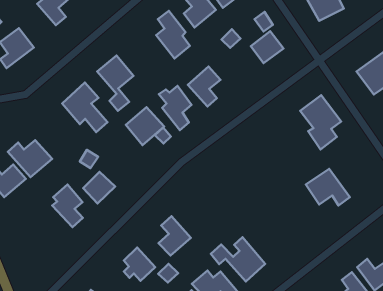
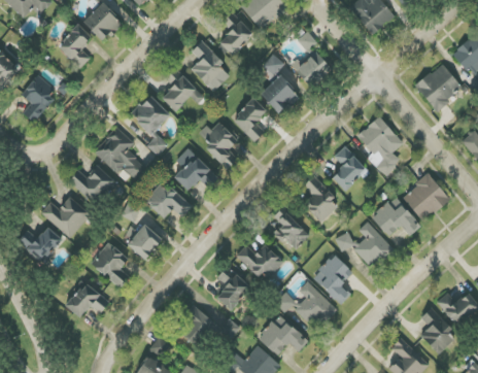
building: none -> [162,67,203,111]
building: none -> [260,74,300,114]
building: none -> [68,165,115,205]
building: none -> [331,145,368,192]
building: none -> [144,182,192,217]
building: none -> [303,175,337,222]
building: none -> [401,174,449,222]
building: none -> [271,207,309,250]
building: none -> [334,222,391,268]
building: none -> [237,243,283,281]
building: none -> [312,255,352,304]
building: none -> [65,281,109,317]

